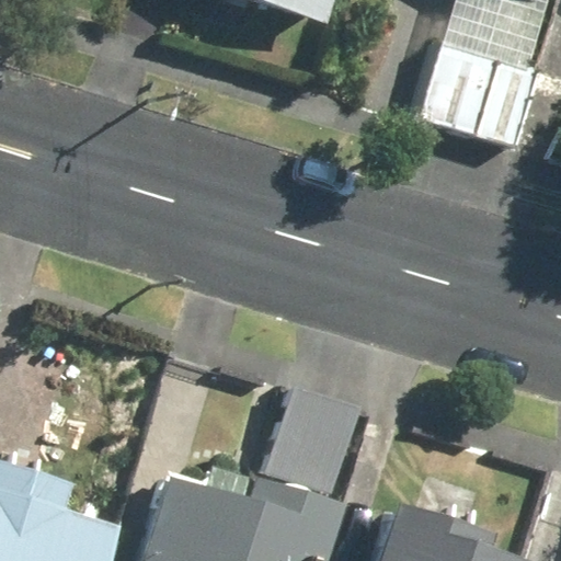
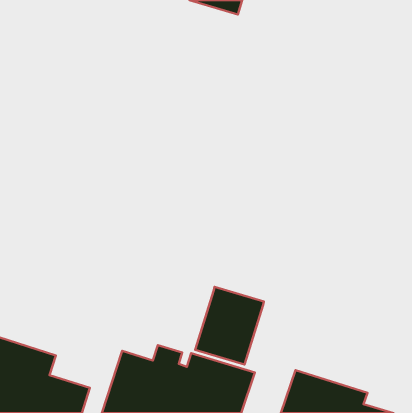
building: [420,44,531,144] -> none

